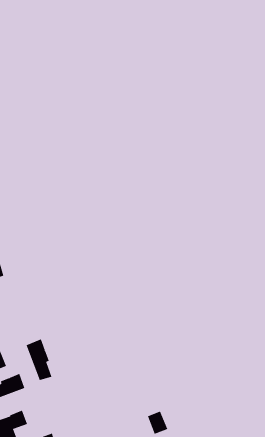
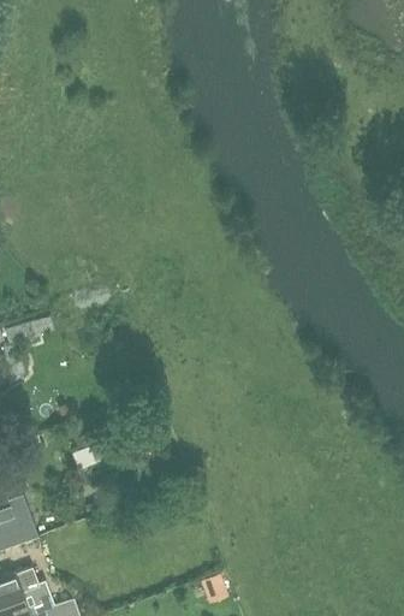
building: [26,339,52,381] -> none

